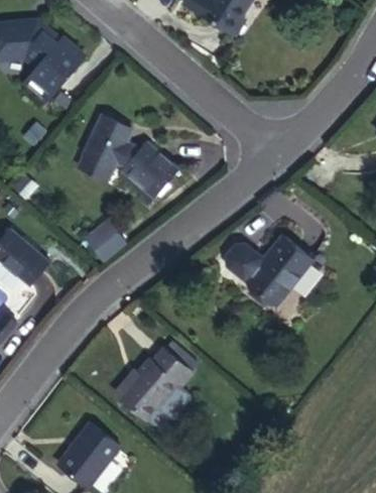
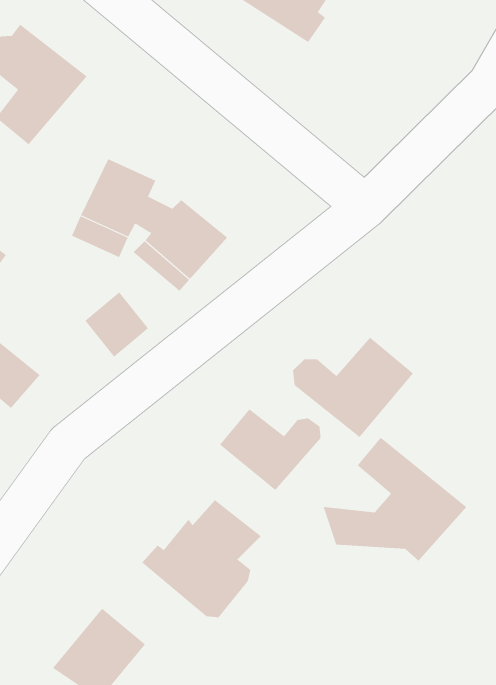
building: none -> [219,408,321,491]
building: none -> [323,437,467,561]

